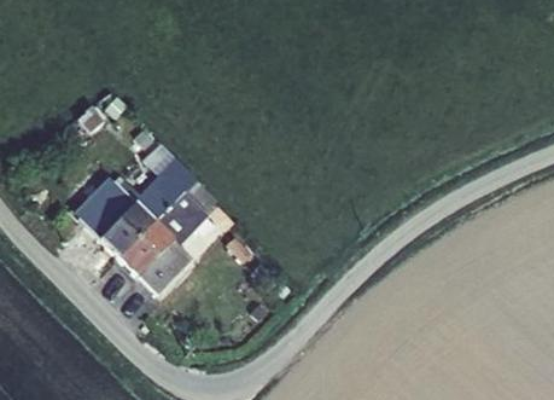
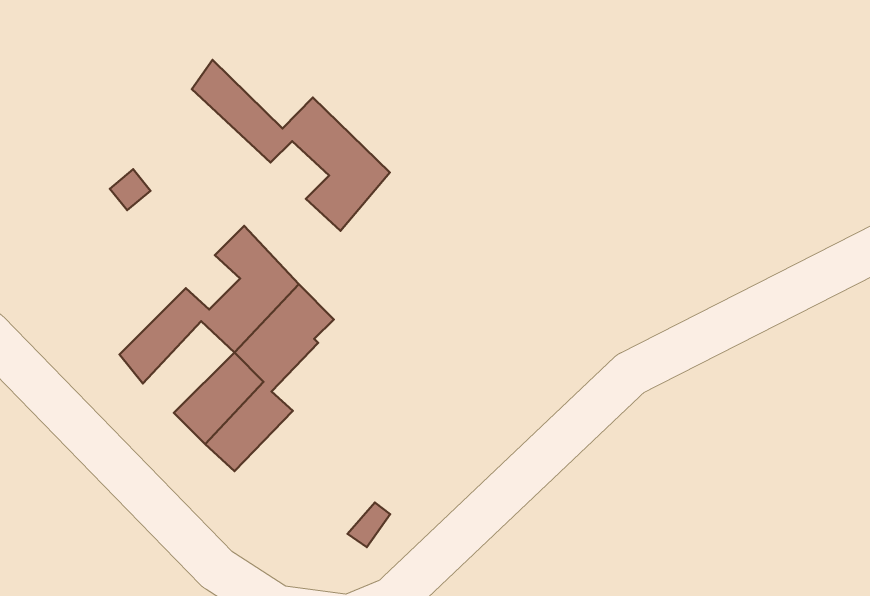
building: none -> [192,60,390,231]
building: [100,202,157,259] -> none

